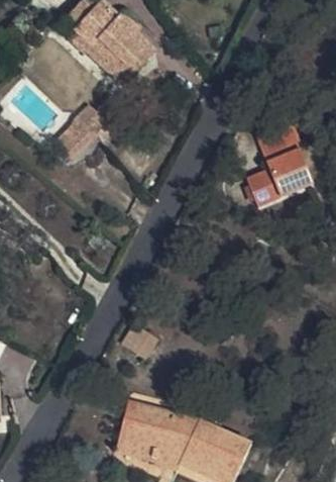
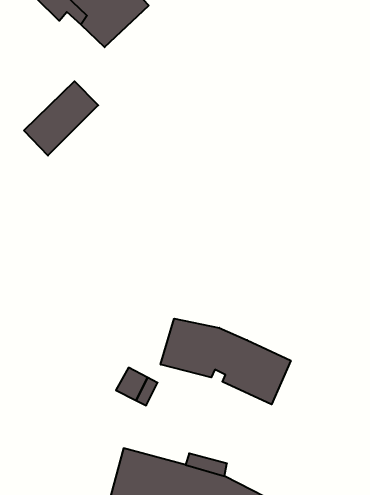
building: [248,120,317,205] -> none
building: none -> [161,319,291,404]

